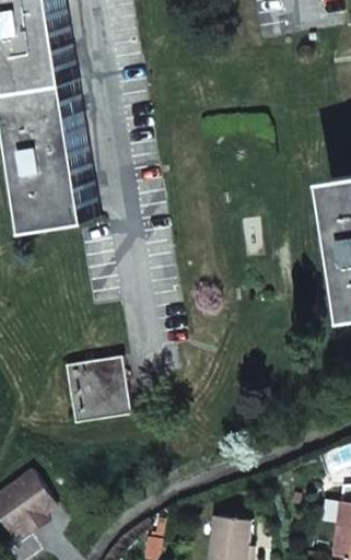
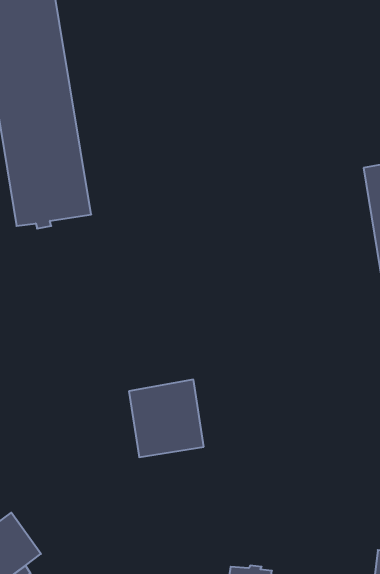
building: [62,358,126,423] -> [129,380,204,457]

